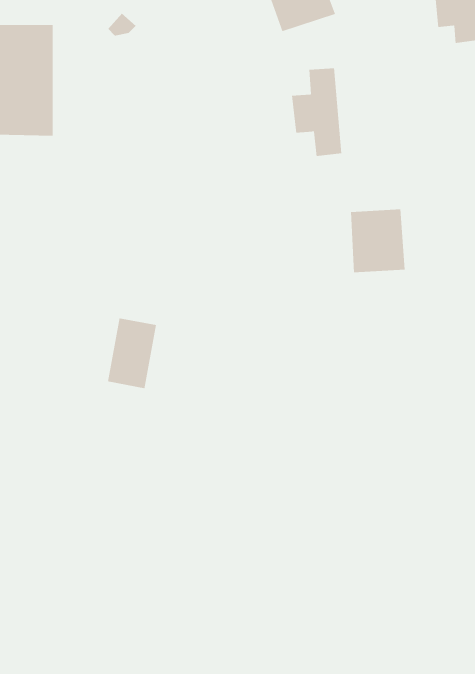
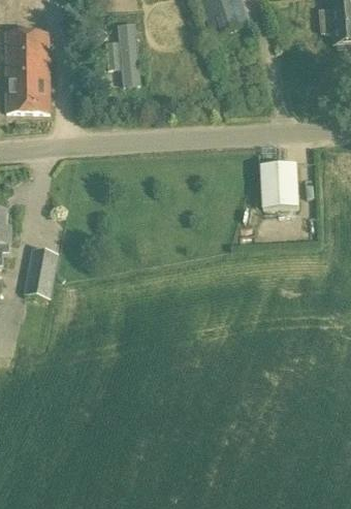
building: [291,68,342,157] -> [104,23,140,86]
building: [107,318,157,389] -> [23,247,58,297]

